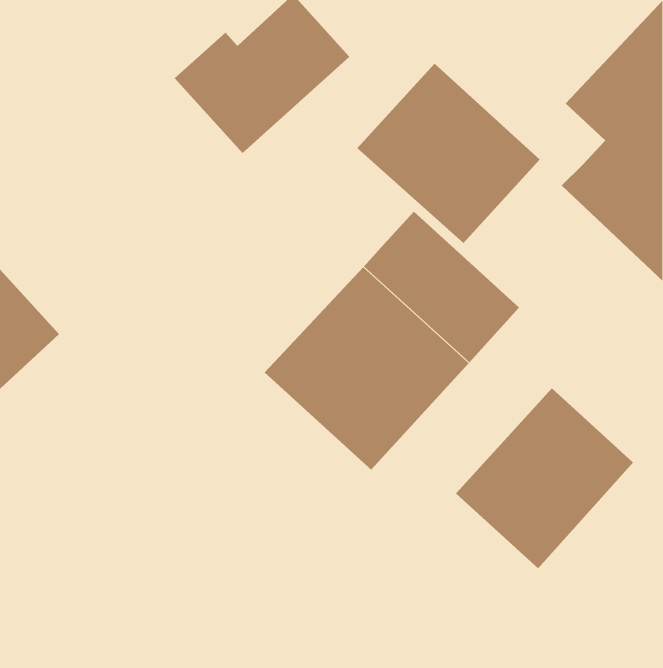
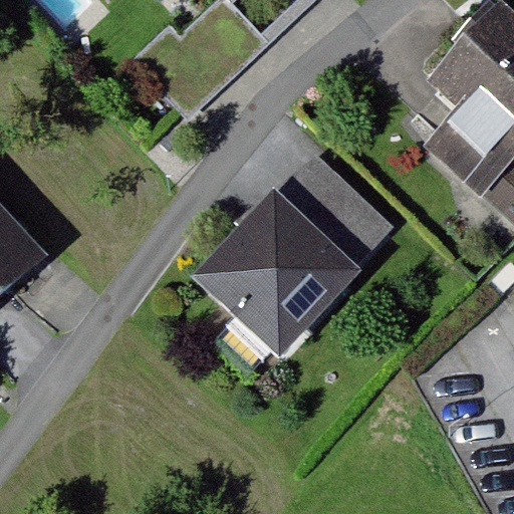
building: [356,63,540,244] -> none
building: [455,388,634,569] -> none

